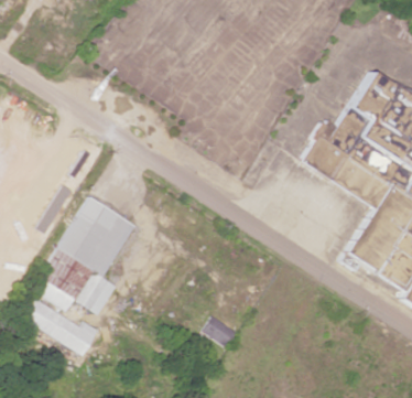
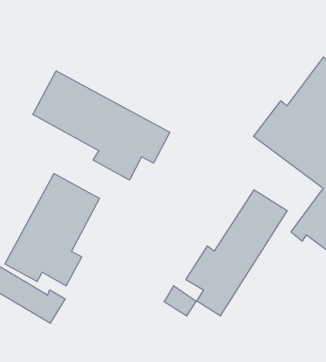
building: none -> [33,71,170,180]
building: none -> [186,190,287,316]

